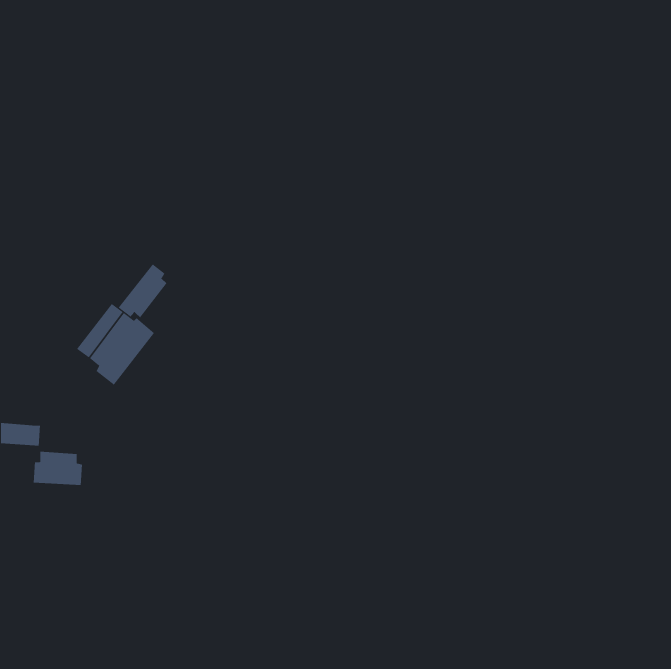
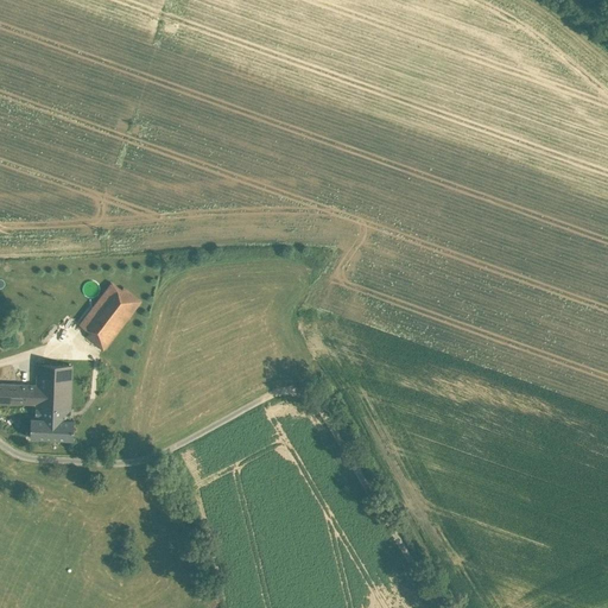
building: [118,263,167,318] -> none
building: none -> [36,365,72,412]

